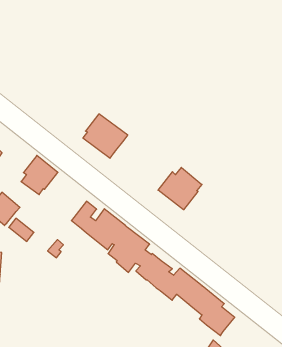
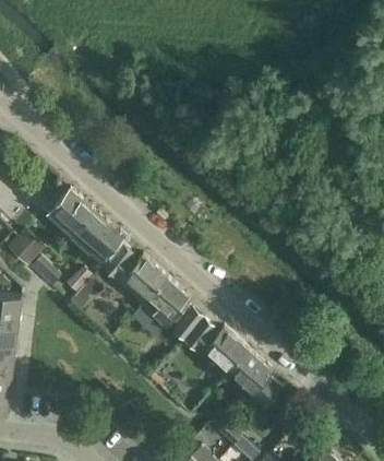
building: [83,114,128,158] -> [72,210,123,261]
building: [158,167,202,210] -> none

